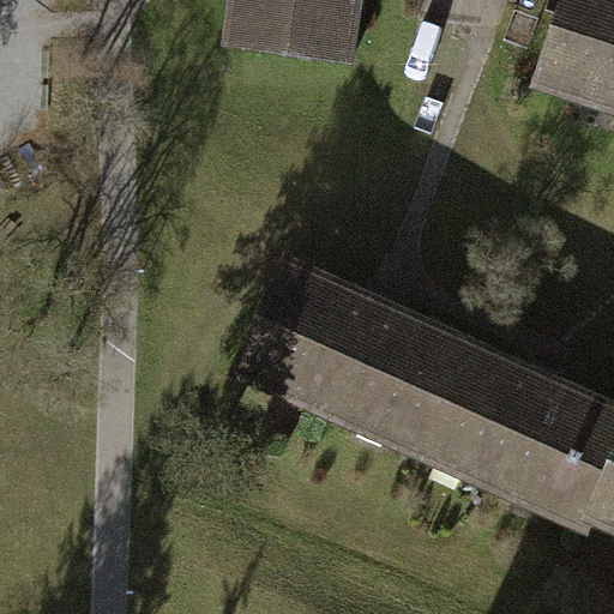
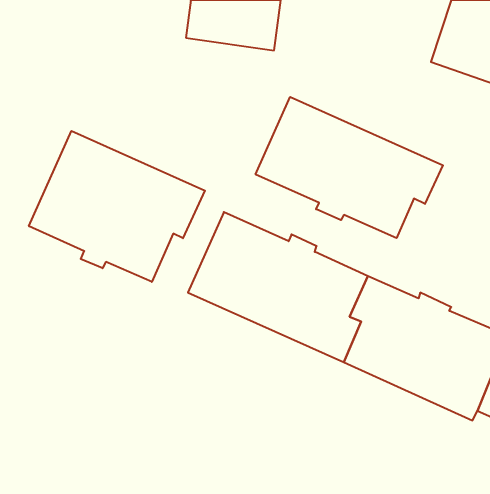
building: none -> [256,97,443,238]
building: none -> [29,131,205,282]

